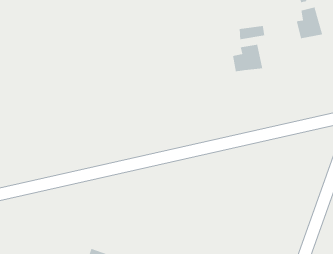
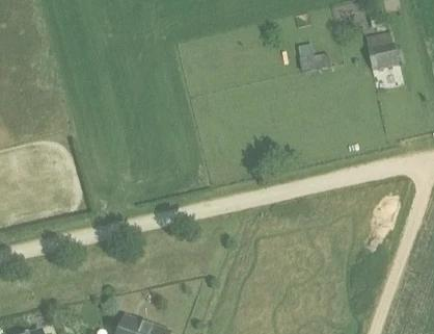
building: [232,44,263,72] -> none

